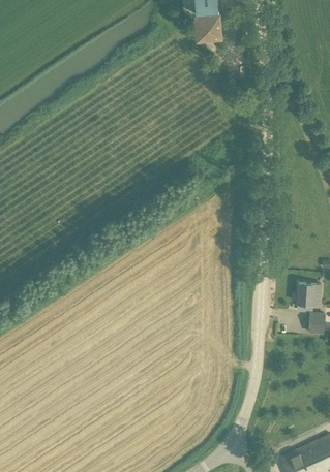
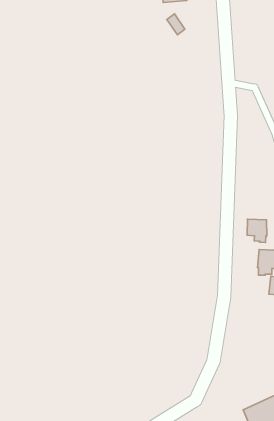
building: none -> [247,219,267,243]

